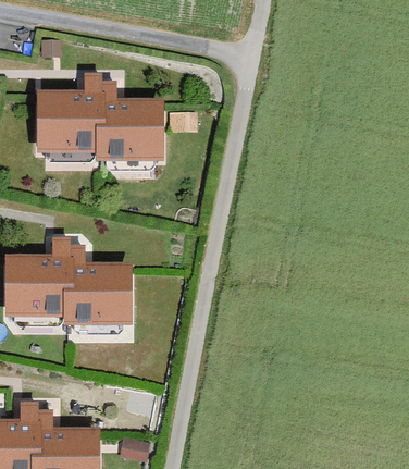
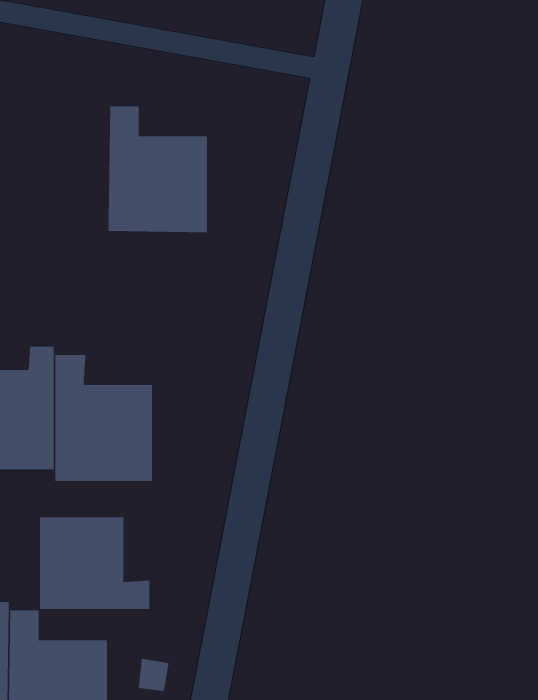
building: [39,74,100,156] -> none
building: none -> [40,517,150,610]

